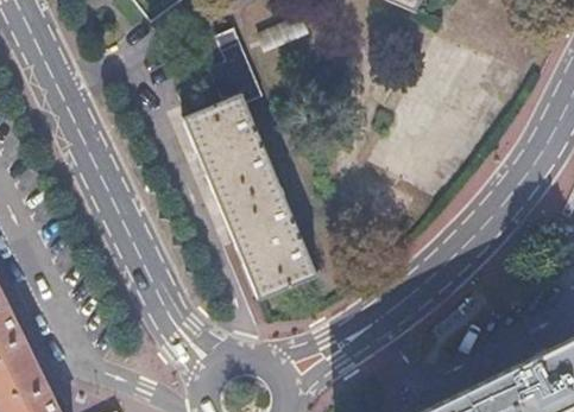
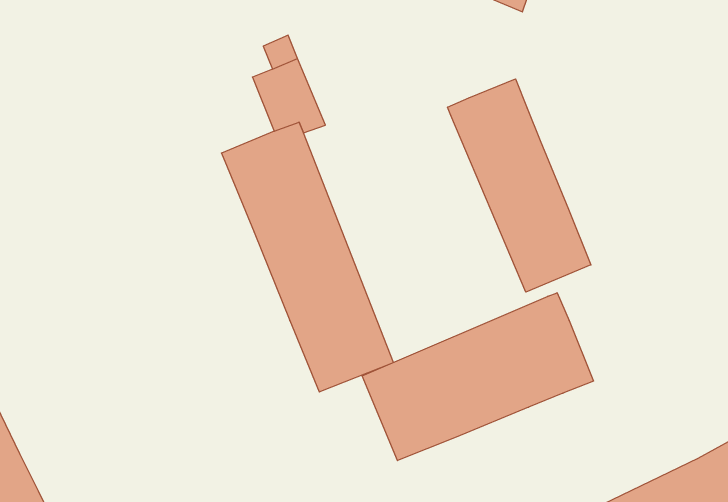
building: none -> [448,79,591,292]
building: none -> [362,293,594,461]

